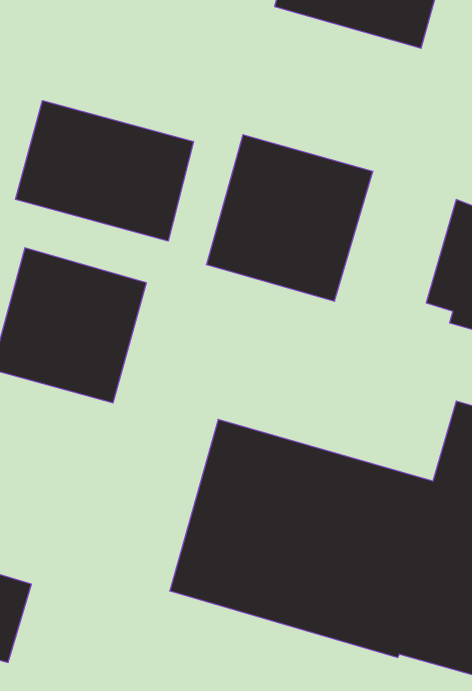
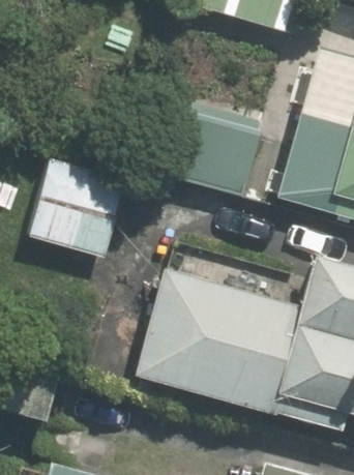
building: [16,101,193,241] -> none

